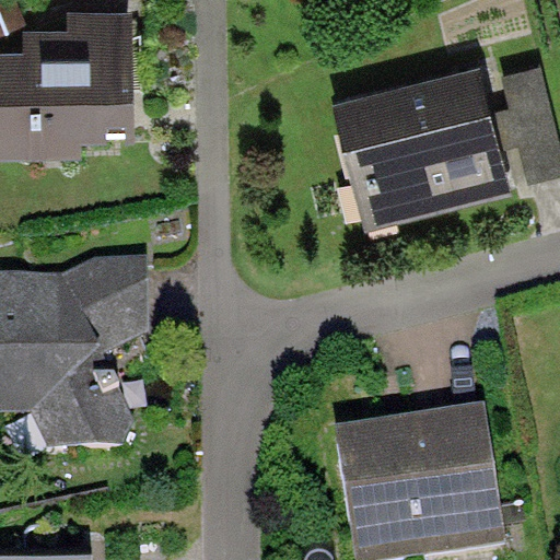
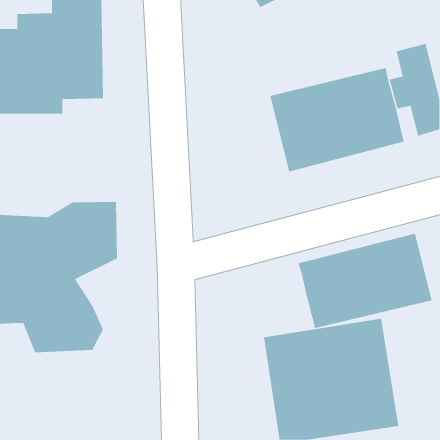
building: none -> [298,233,432,329]

